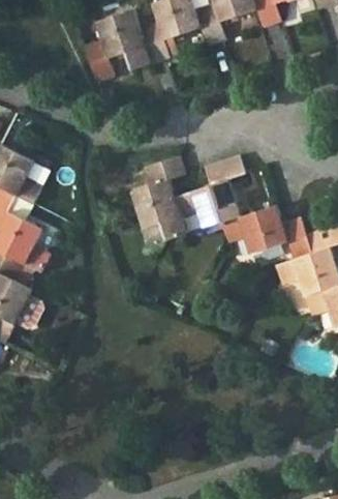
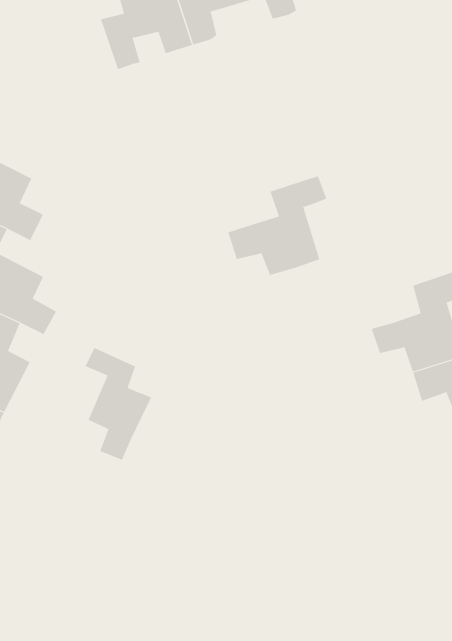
building: [131,155,185,240] -> none
building: [222,206,311,261] -> none
building: none -> [85,347,152,460]

